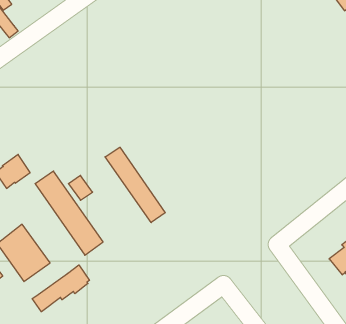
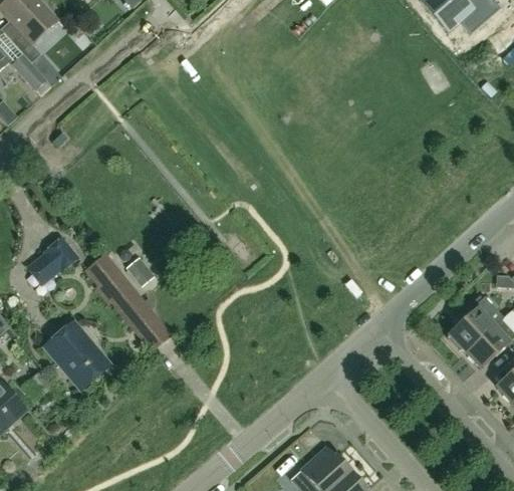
building: [105,147,165,223] -> none
building: [32,265,89,312] -> none

